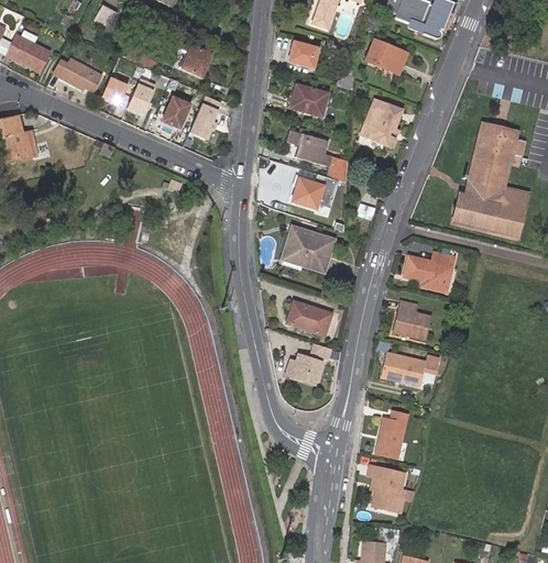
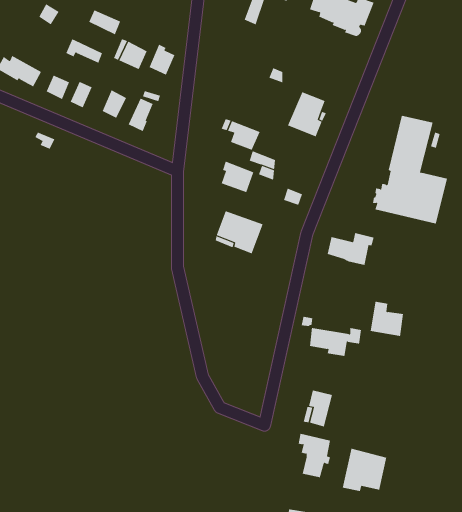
building: none -> [89,9,121,35]
building: [292,37,322,64] -> none
building: [365,41,407,75] -> none
building: none -> [149,44,175,75]
building: [293,80,331,115] -> none
building: [391,295,427,332] -> [370,301,404,336]
building: [284,300,328,334] -> none
building: [285,355,320,385] -> none
building: none -> [342,448,387,492]

